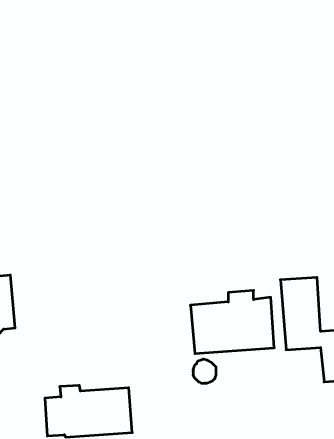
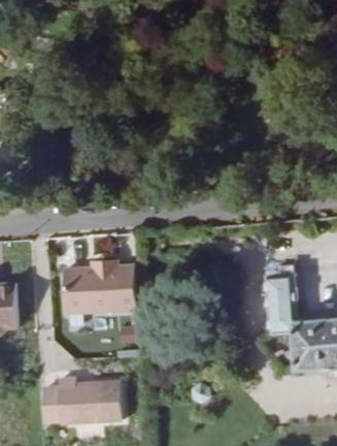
building: [190,290,274,354] -> [61,248,136,305]

